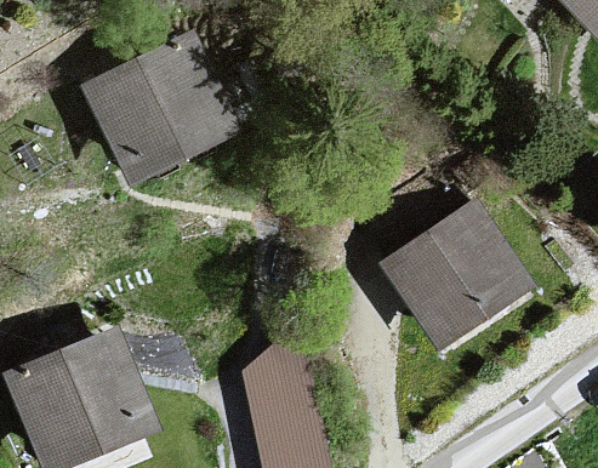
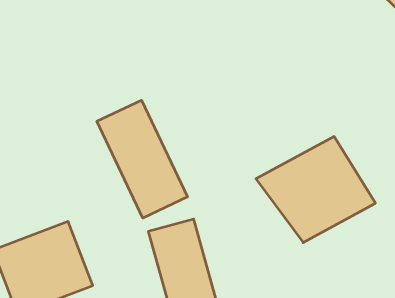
building: [85,29,249,173] -> none
building: none -> [97,100,187,218]

